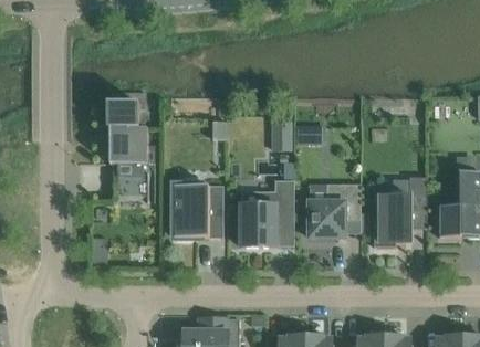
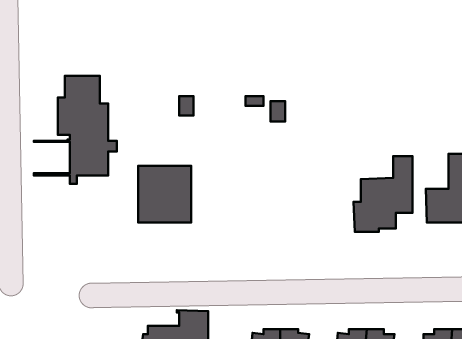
building: [237,179,294,245] -> none
building: [309,183,361,236] -> none

